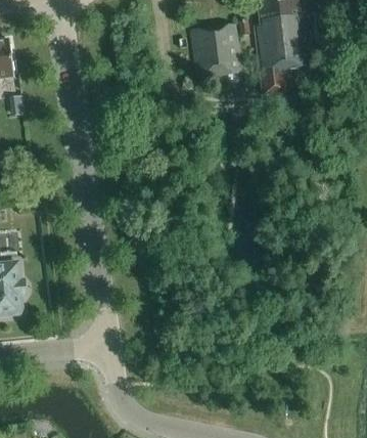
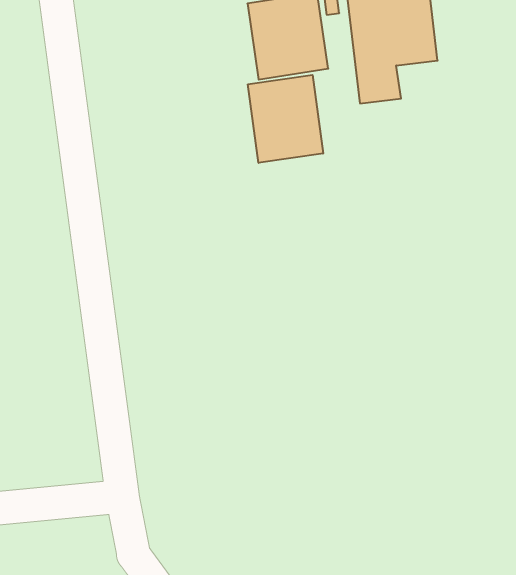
building: none -> [248,75,323,163]

